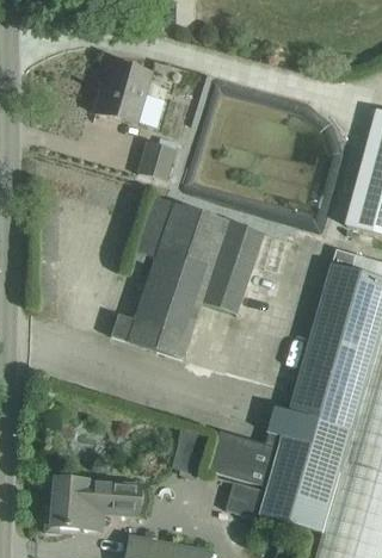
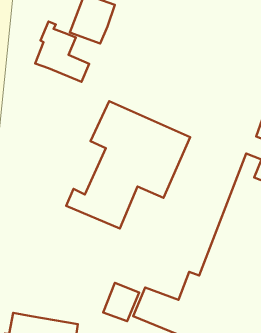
building: none -> [35,22,89,82]
building: [137,142,174,181] -> none

